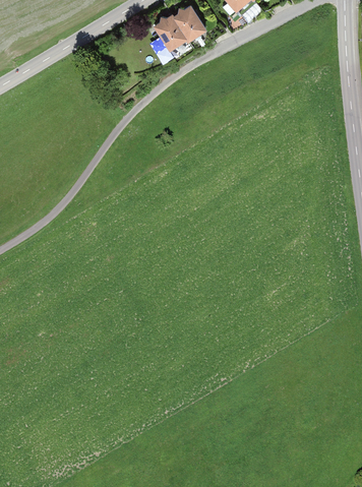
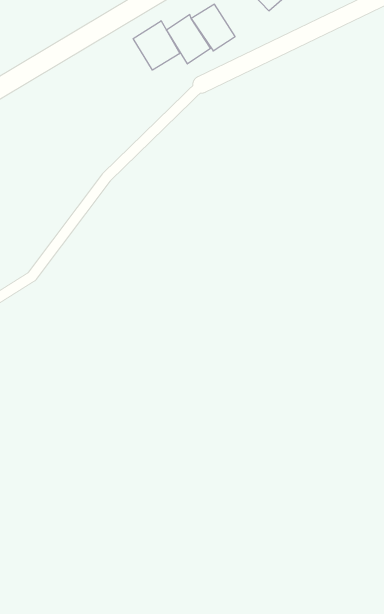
building: none -> [133,21,180,70]

